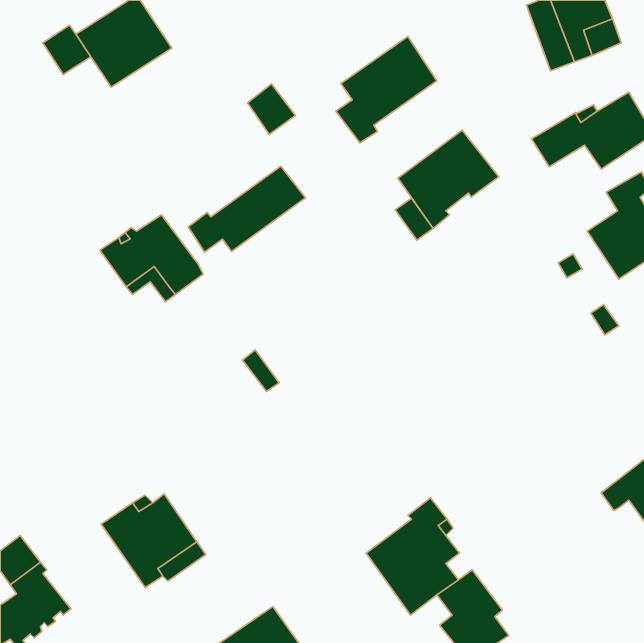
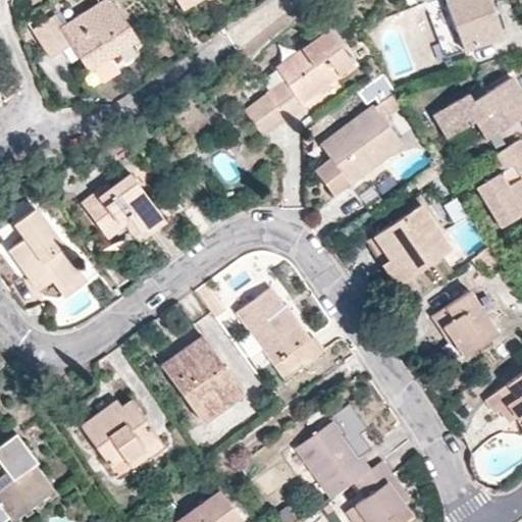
building: [248,84,296,134] -> [253,92,292,133]
building: [188,166,306,252] -> none
building: none -> [374,205,451,280]
building: none -> [10,208,85,296]
building: none -> [237,289,320,379]
building: none -> [432,292,499,356]
building: none -> [162,338,246,424]

